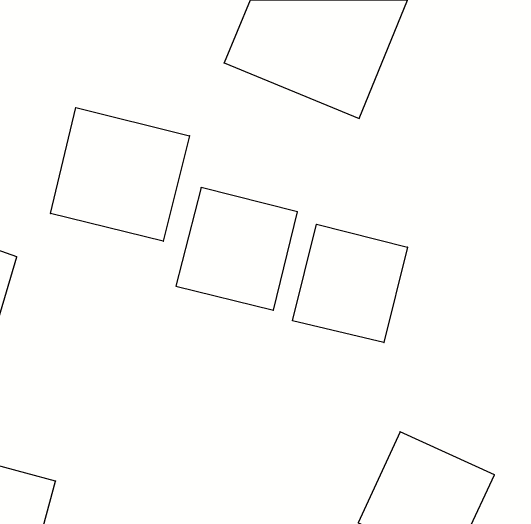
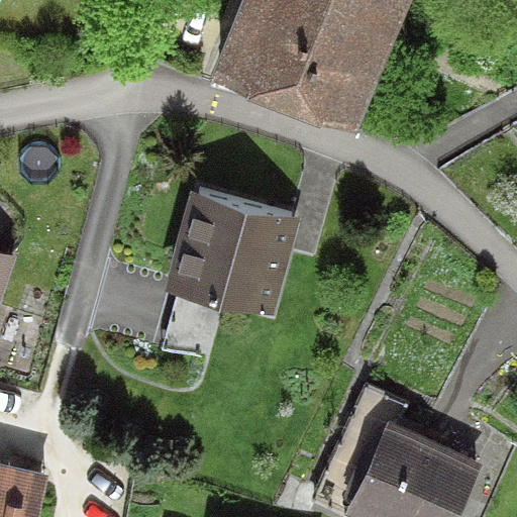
building: [51,108,190,241] -> none
building: [293,224,407,343] -> none

